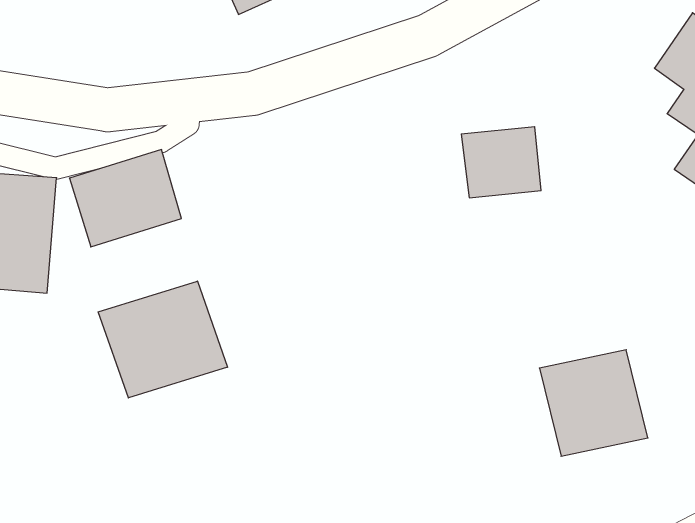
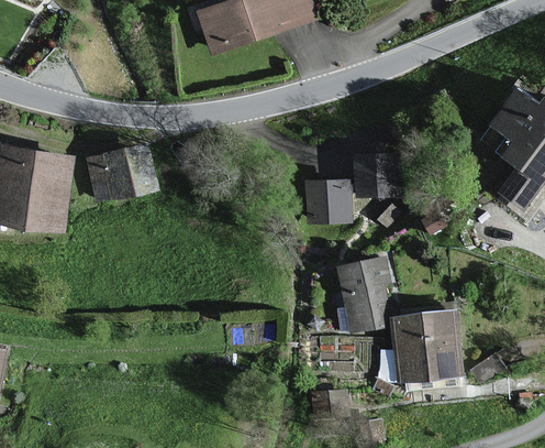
building: none -> [303,179,348,226]
building: none -> [338,256,388,330]
building: [98,281,228,398] -> none

